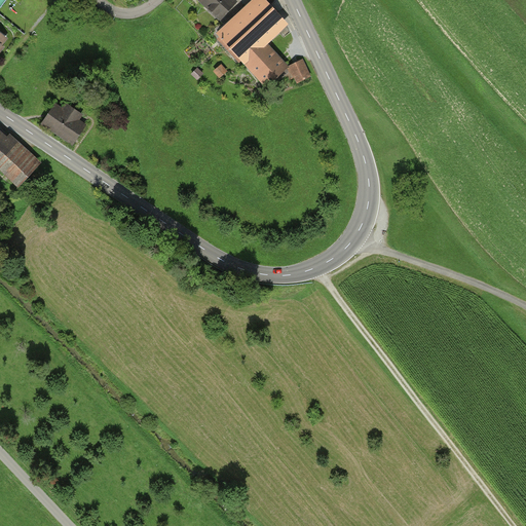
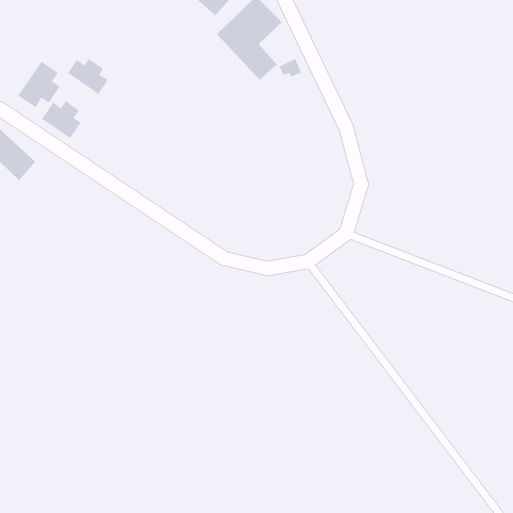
building: none -> [67,58,108,95]
building: none -> [17,61,60,108]

